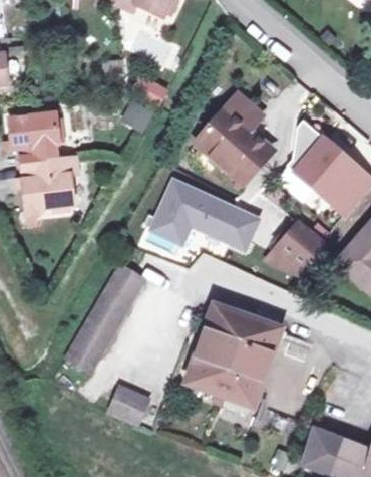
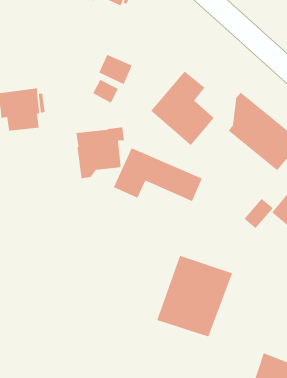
building: [25,158,82,219] -> [76,127,125,179]
building: [272,220,319,266] -> none
building: [70,258,152,370] -> none
building: [110,388,148,424] -> none

